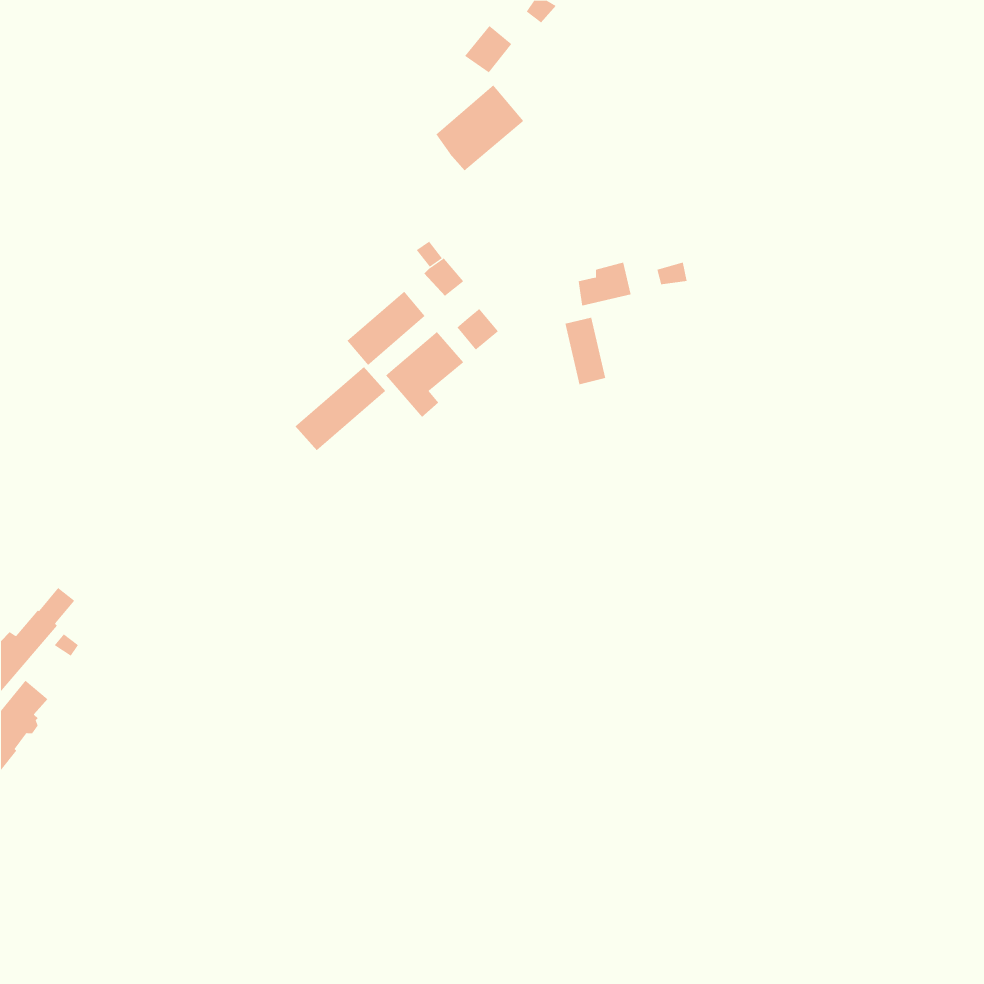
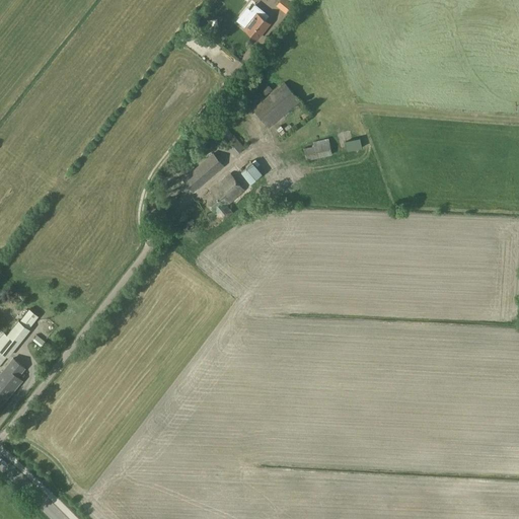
building: [436,84,524,171] -> [253,82,300,128]
building: [565,317,606,385] -> none
building: [295,366,386,451] -> none

